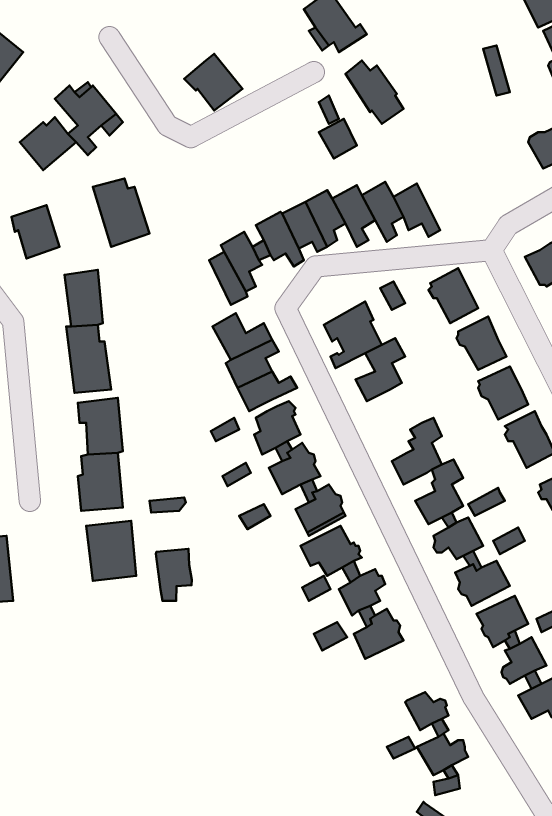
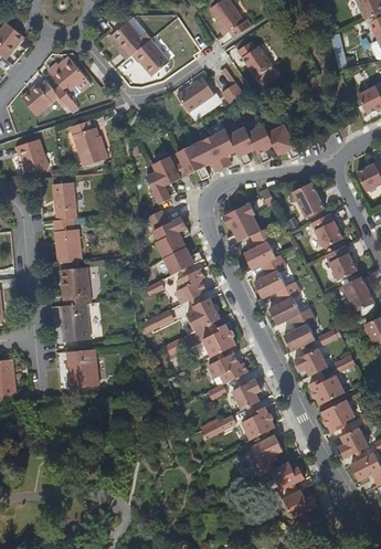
building: none -> [108,21,142,56]
building: none -> [174,77,211,112]
building: none -> [253,253,286,296]
building: [156,549,192,601] -> none
building: none -> [250,434,283,477]

